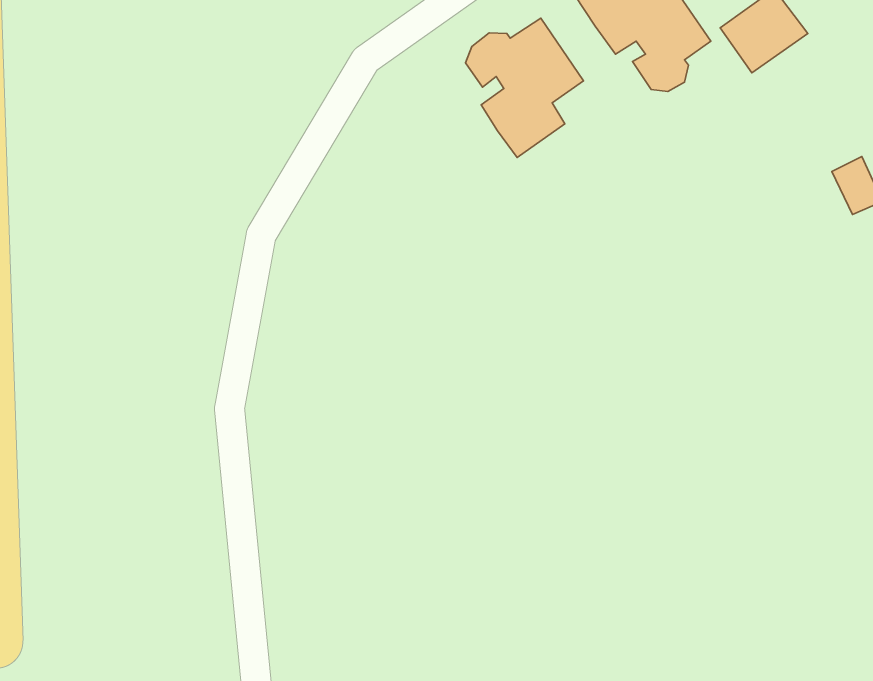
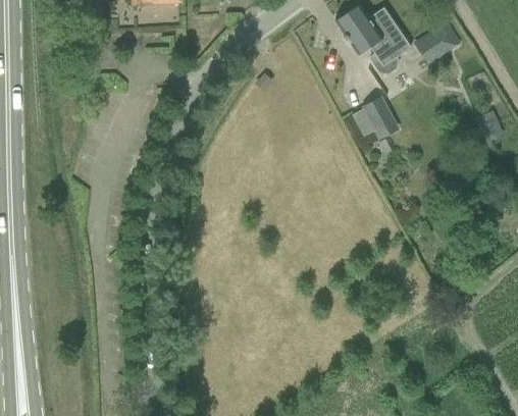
building: [465,18,584,158] -> none
building: none -> [350,96,400,140]

